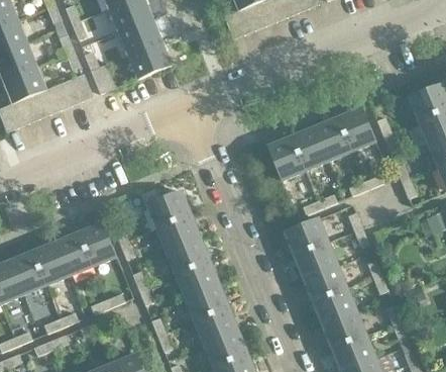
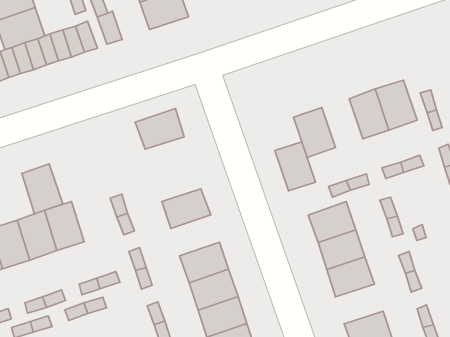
building: [292,127,329,171] -> [275,142,316,191]
building: [147,190,191,227] -> [135,108,184,149]
building: [79,222,116,267] -> [22,164,63,214]
building: [166,237,210,274] -> none
building: [314,288,356,324] -> none

